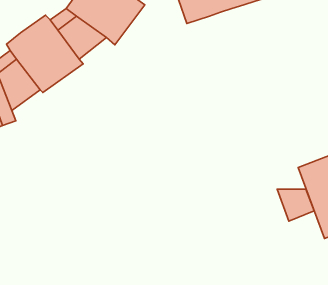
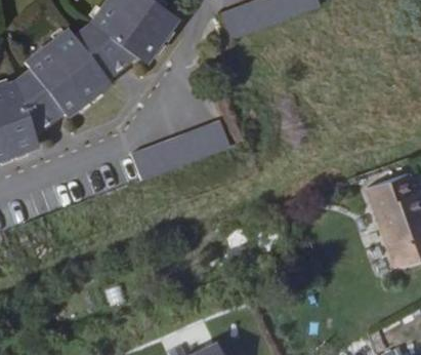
building: none -> [138,119,237,179]
building: [277,189,314,221] -> none

